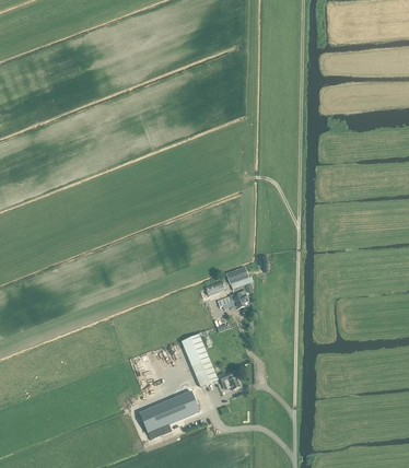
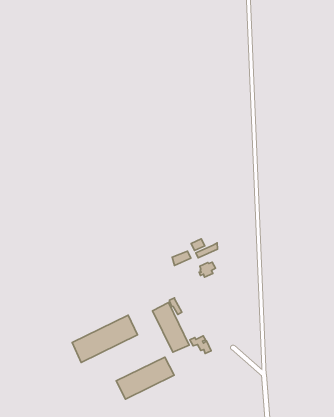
building: none -> [72,315,137,363]

